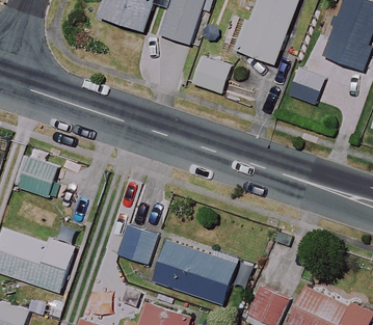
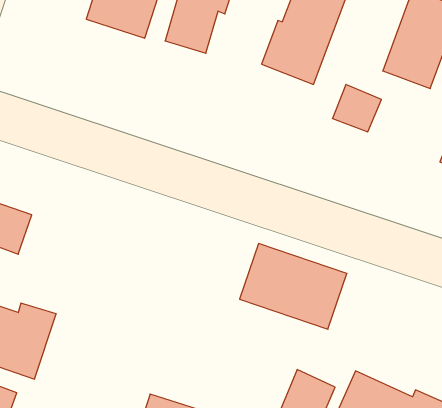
building: [190,54,231,92] -> none
building: [116,224,159,264] -> none
building: [154,238,236,303] -> [240,244,347,329]

